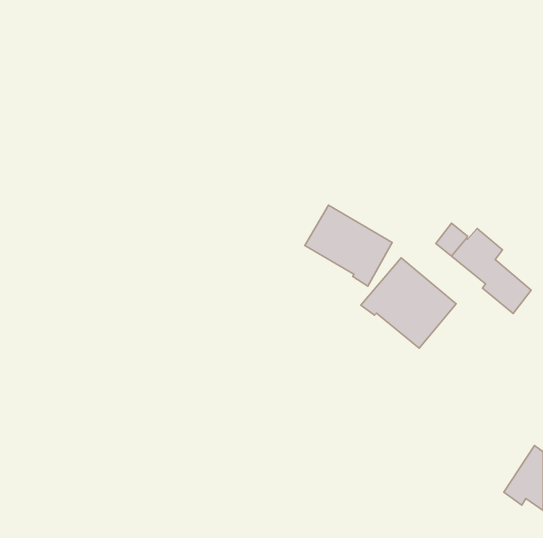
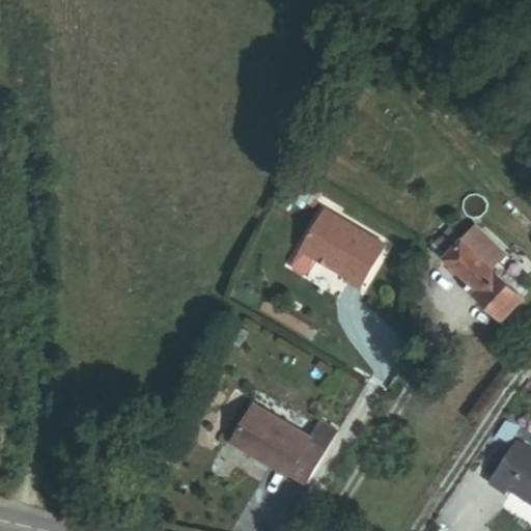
building: [361,258,456,348] -> none
building: none -> [242,418,341,486]

